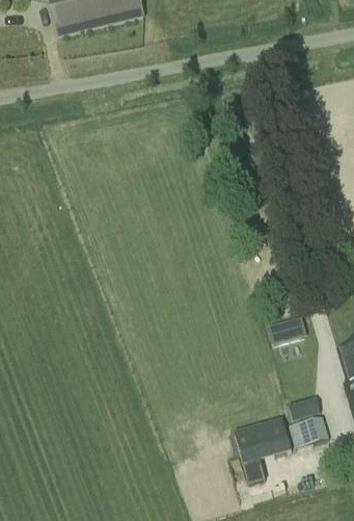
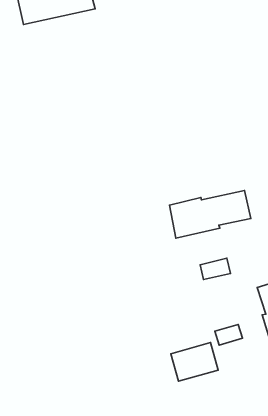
building: none -> [169,190,251,238]
building: [289,415,329,447] -> none

